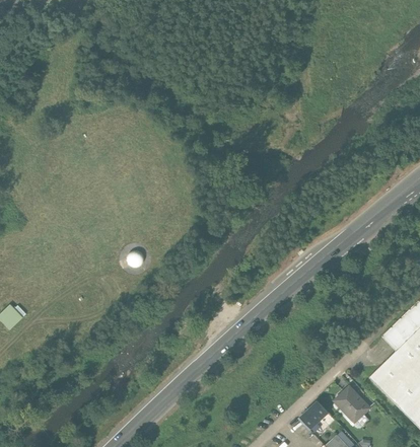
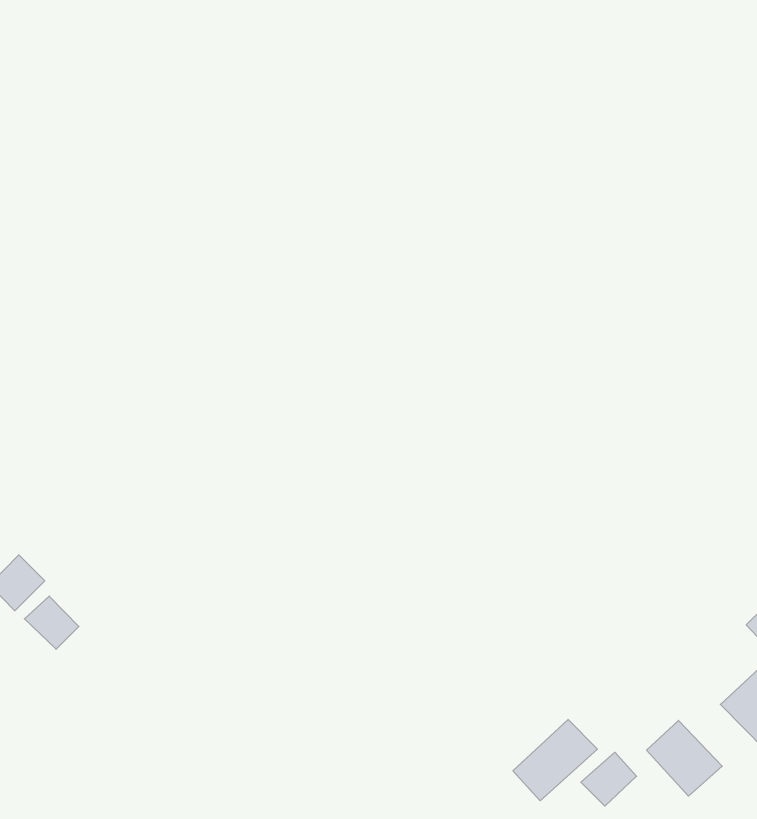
building: none -> [24,596,79,649]
building: none -> [513,719,597,801]

